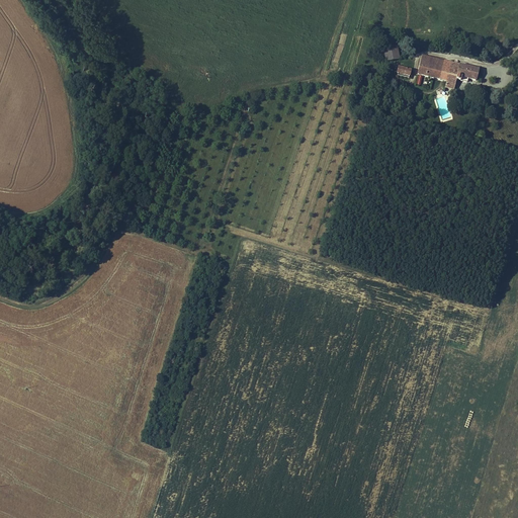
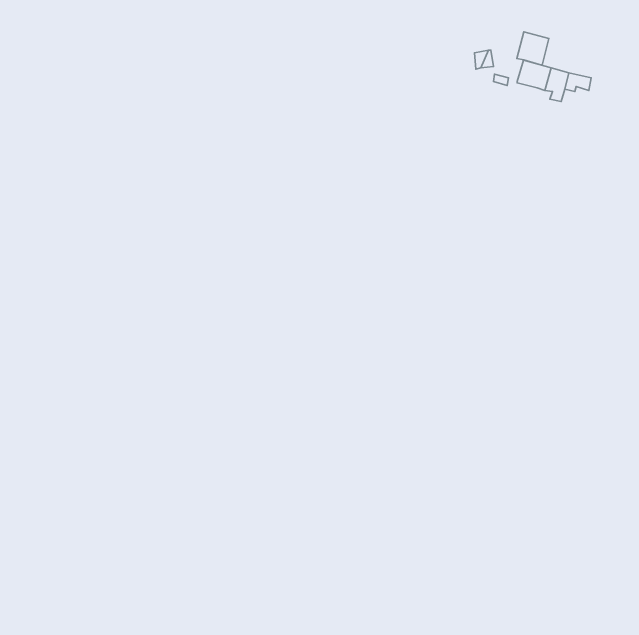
building: none -> [517,32,549,65]

